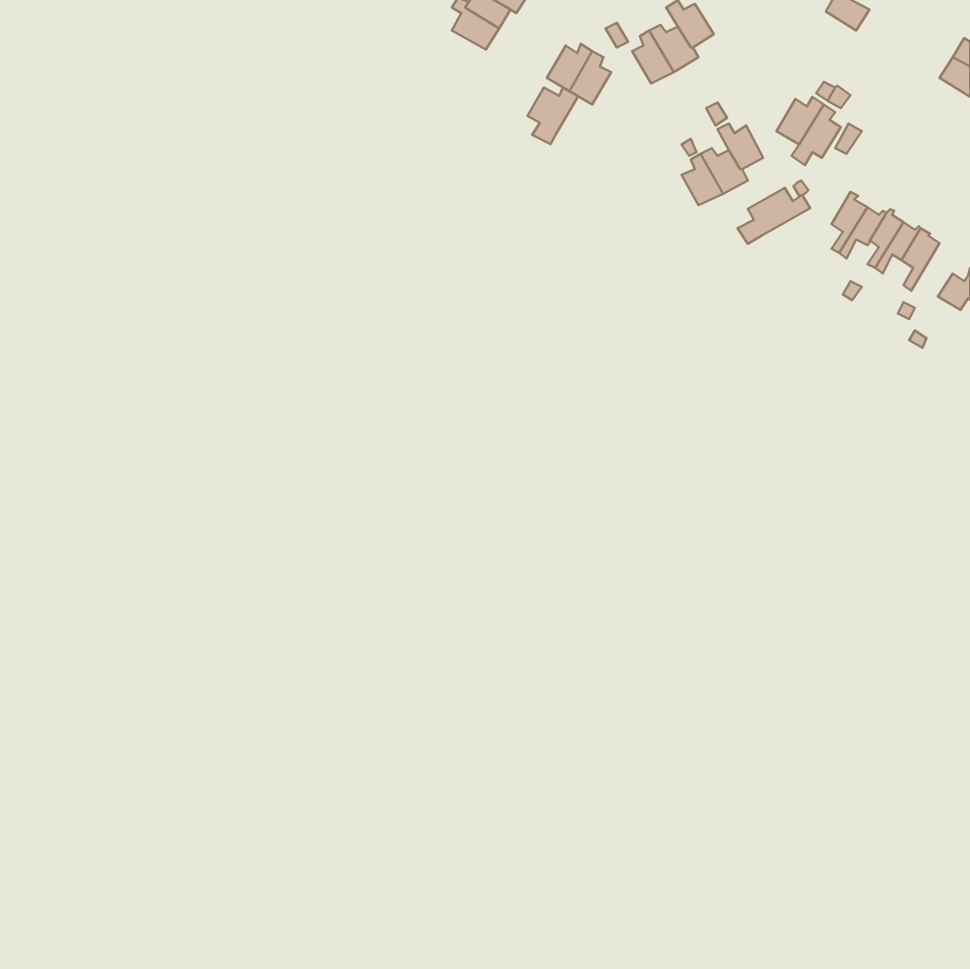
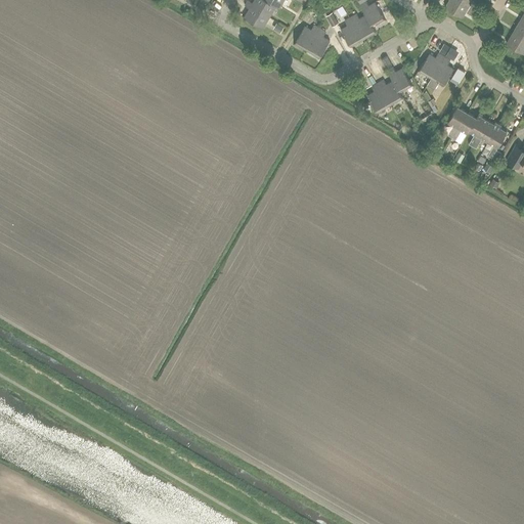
building: [528,87,578,144] -> none
building: [738,188,810,244] -> none

